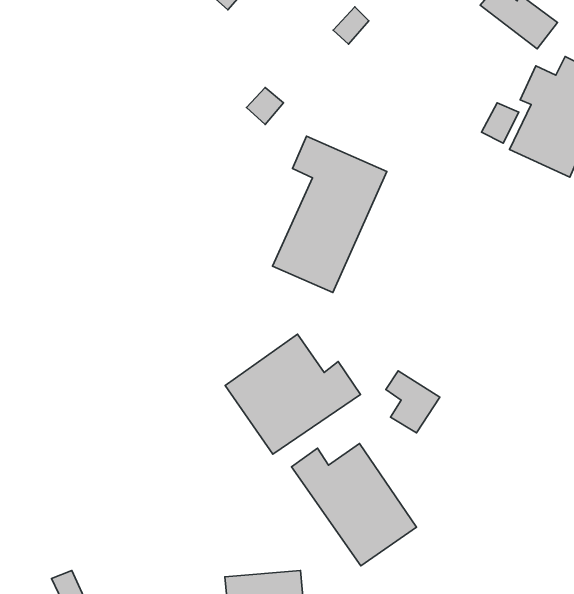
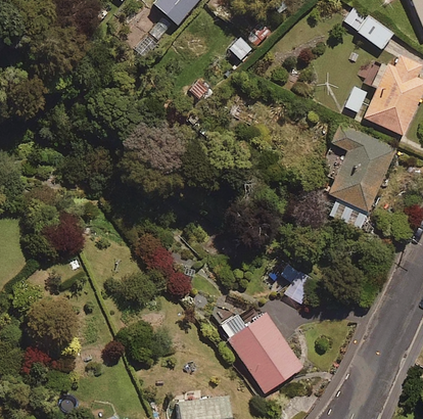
building: [272,136,387,292] -> [320,125,395,228]
building: [225,334,361,454] -> none

